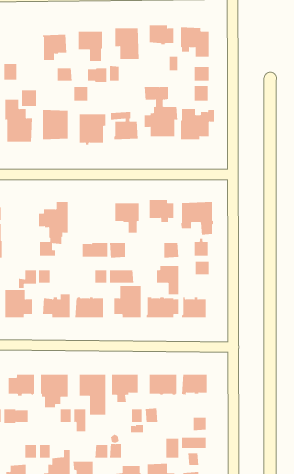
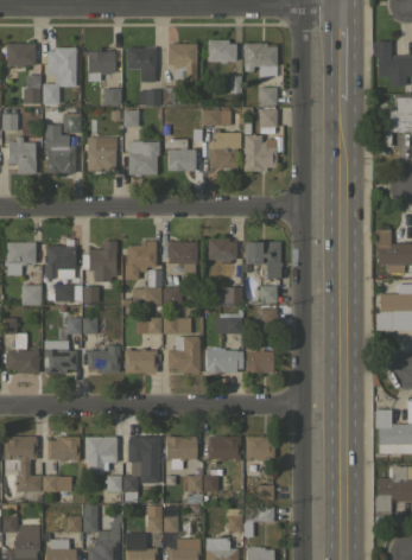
building: none -> [47,47,76,85]
building: none -> [45,240,82,301]
building: none -> [125,241,156,280]

